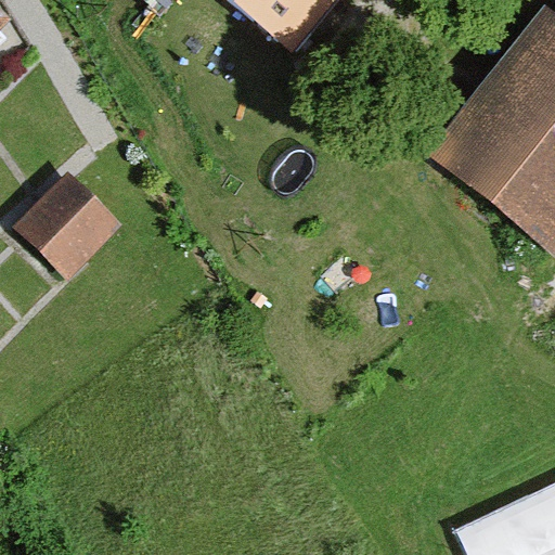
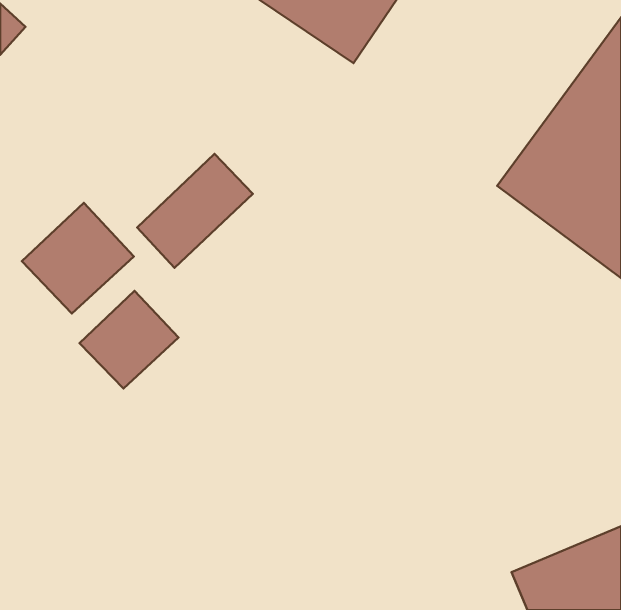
building: none -> [137,154,253,268]
building: none -> [80,291,178,389]

